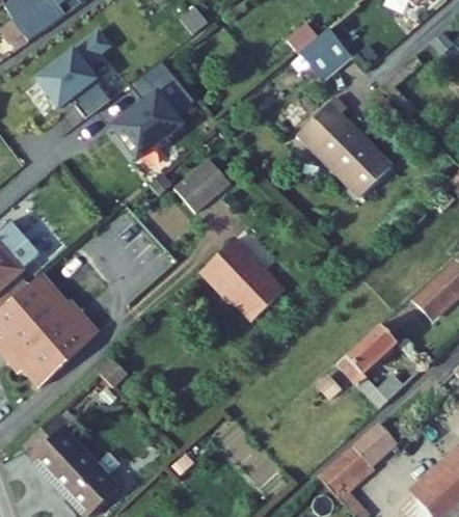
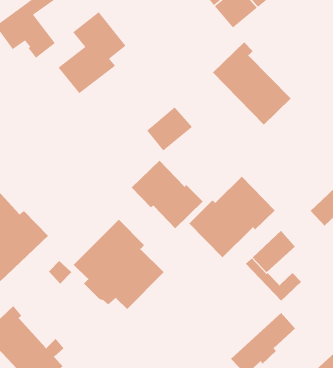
building: [174,158,231,212] -> [146,106,193,151]
building: none -> [189,176,276,258]
building: none -> [73,219,165,310]

